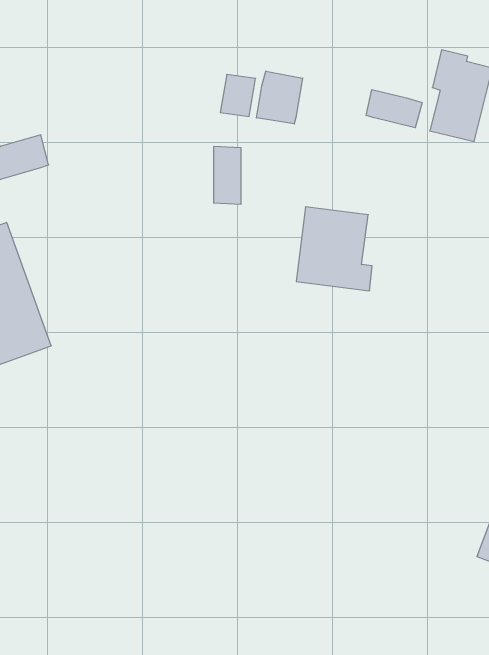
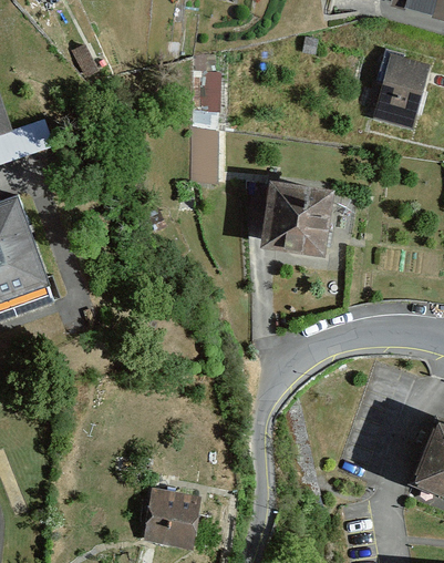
building: [256,71,303,124] -> none
building: [366,90,422,128] -> none
building: none -> [146,488,200,545]

